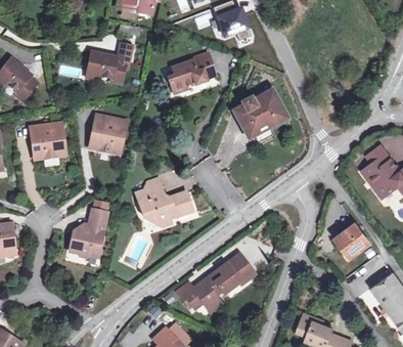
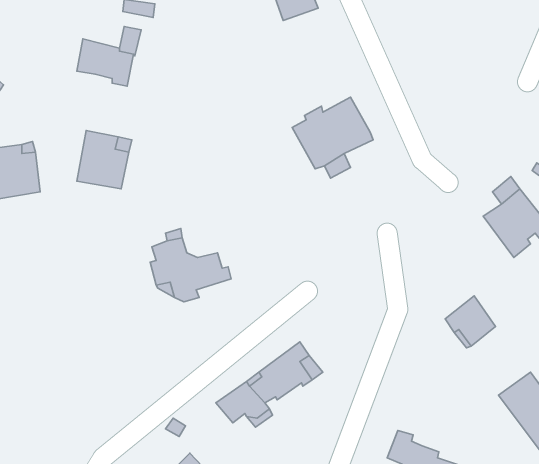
building: [168,53,212,93] -> none
building: [70,208,107,257] -> none

